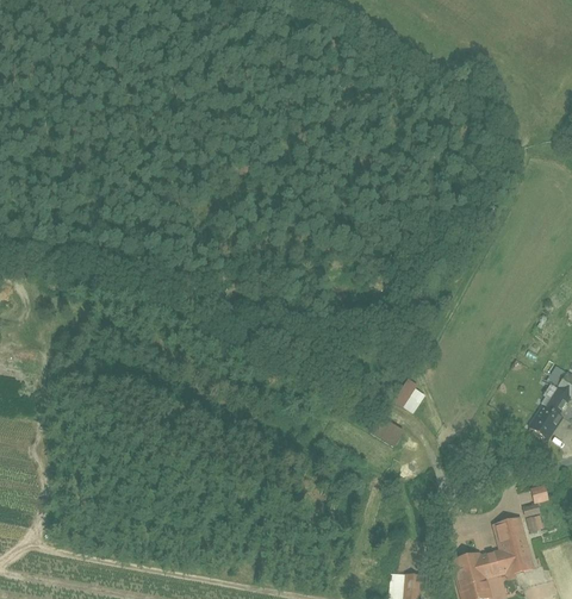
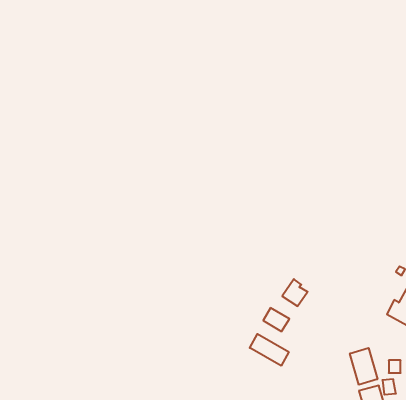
building: none -> [250,334,289,366]
building: none -> [350,348,377,385]

